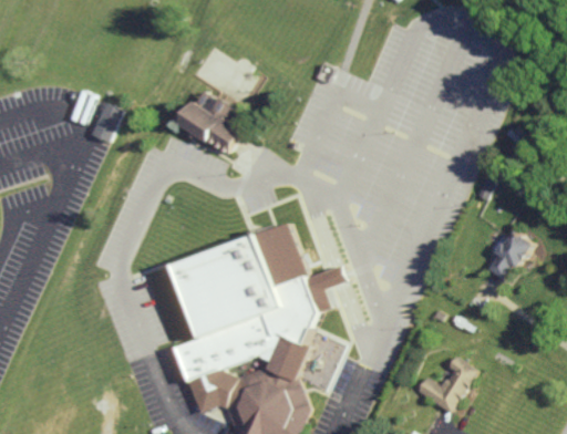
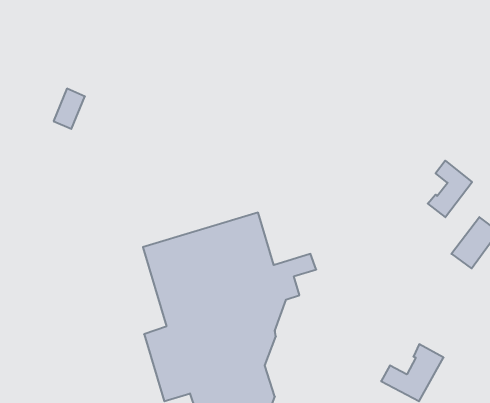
building: [179,89,241,154] -> none
building: none -> [428,161,472,217]

